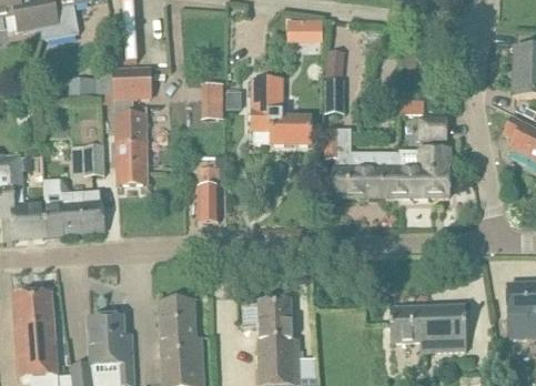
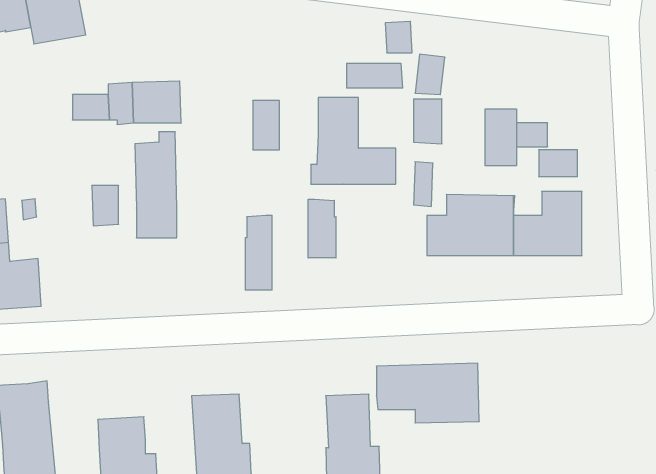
building: none -> [347,63,403,88]
building: none -> [485,109,516,166]
building: none -> [308,199,336,258]
building: [43,187,104,233] -> none
building: [390,305,466,349] -> [376,363,479,423]

